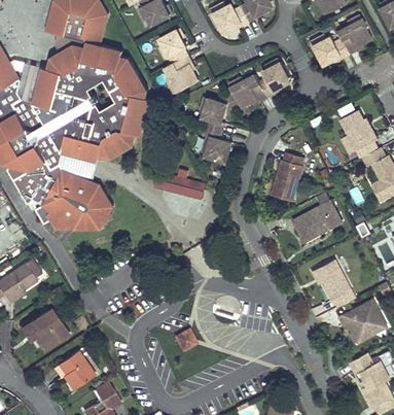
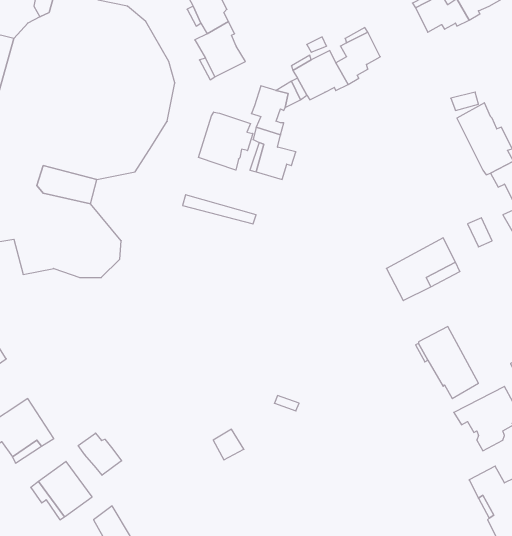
building: none -> [199,112,253,170]
building: [272,154,302,201] -> none
building: none -> [78,433,122,475]

